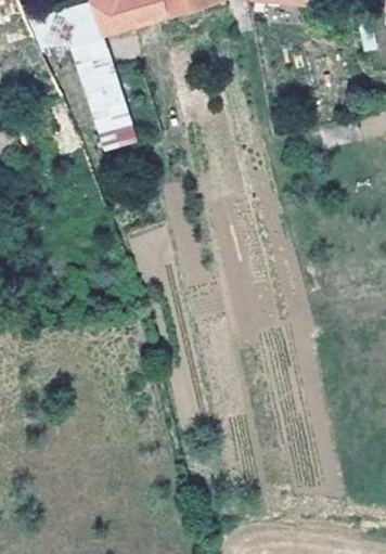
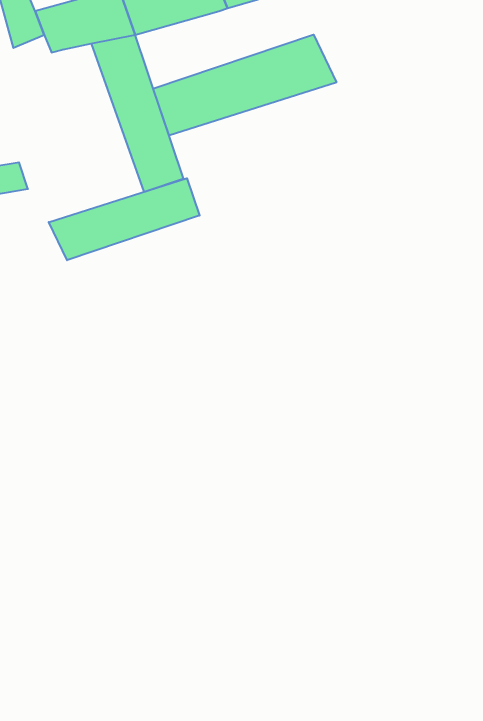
building: none -> [153,35,336,135]
building: none -> [49,178,200,260]

